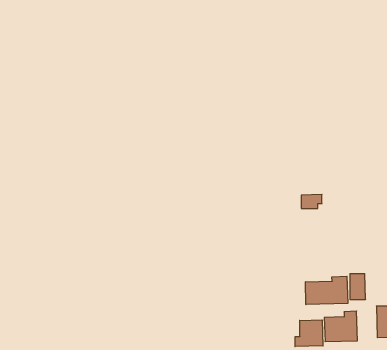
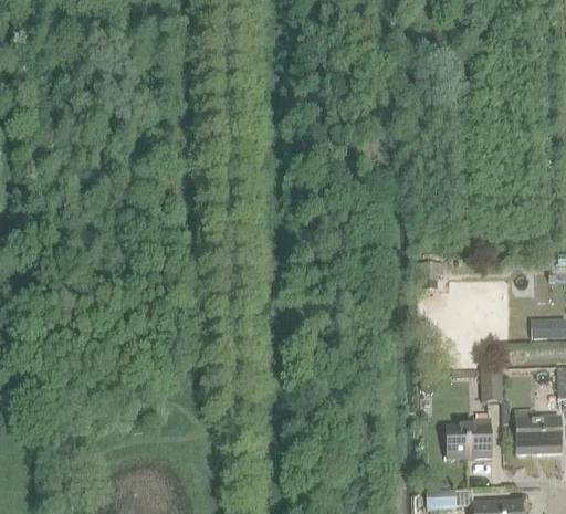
building: [306,276,348,305] -> none
building: [295,320,323,347] -> none

